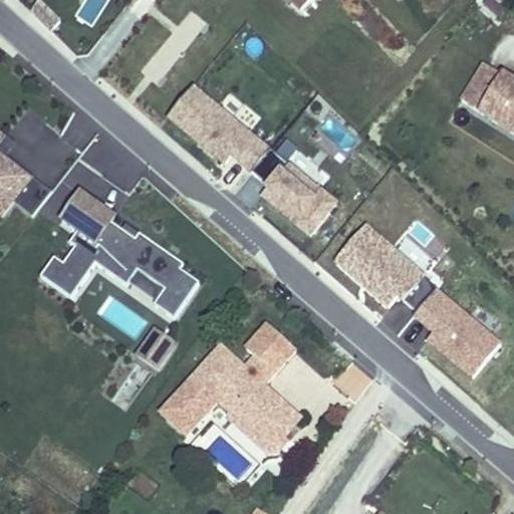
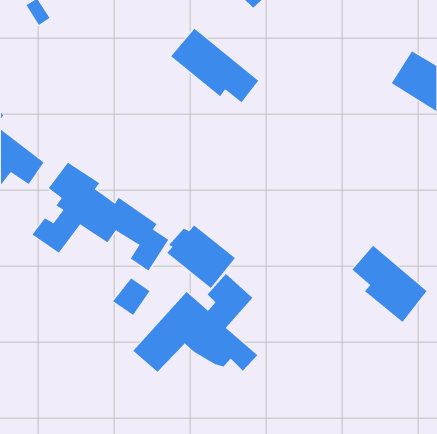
building: [166,83,270,172] -> [170,28,259,103]
building: [258,162,339,237] -> [167,225,236,289]
building: [331,224,426,306] -> none
building: [227,413,290,455] -> none

